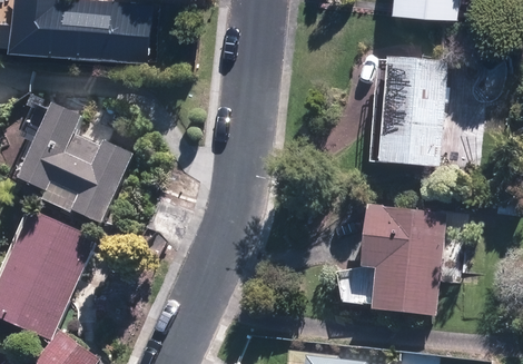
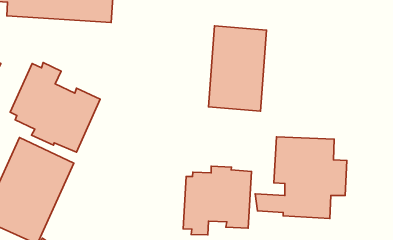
building: [369,57,445,168] -> [209,26,266,111]
building: none -> [183,166,251,235]

